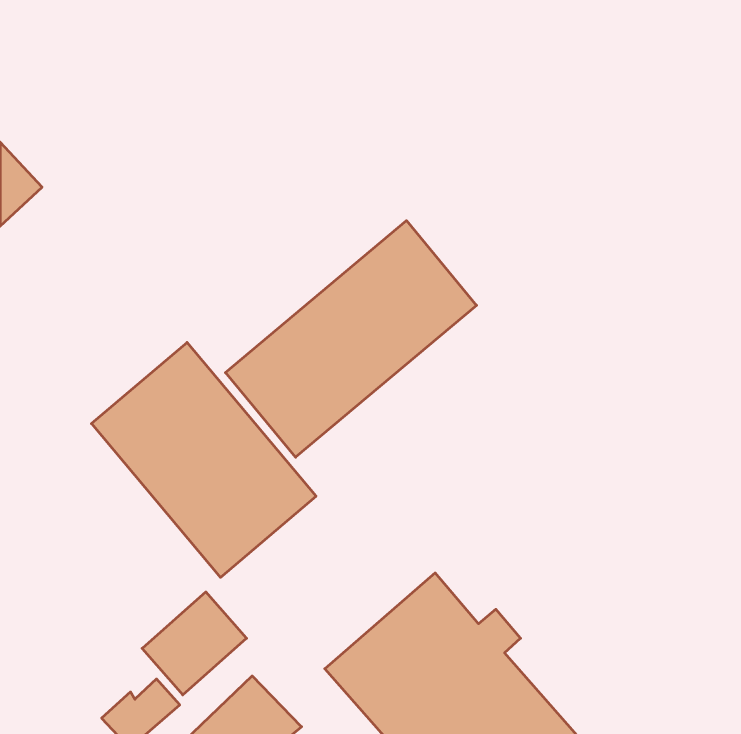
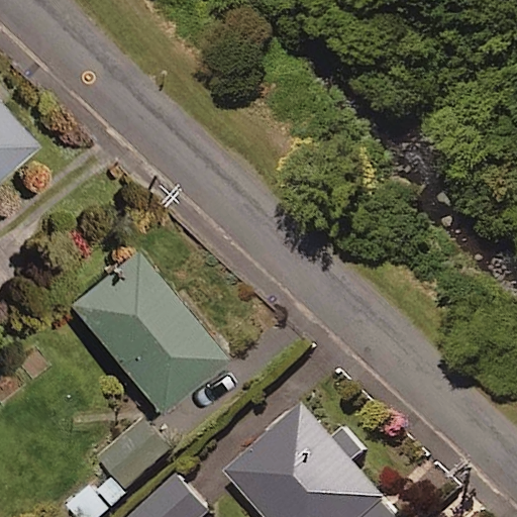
building: [225,221,477,457] -> none

